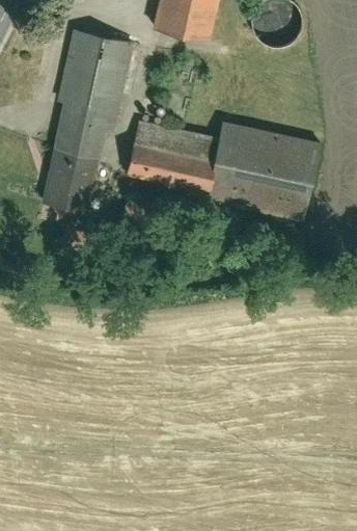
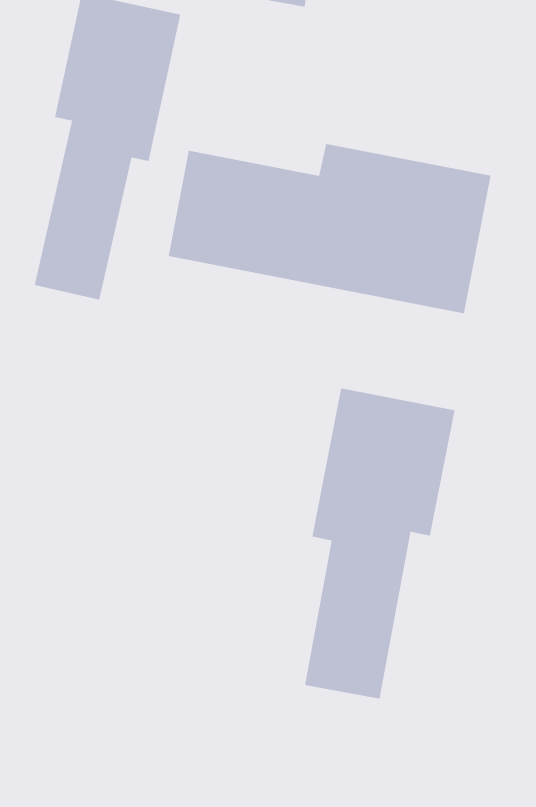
building: none -> [304,388,456,700]

